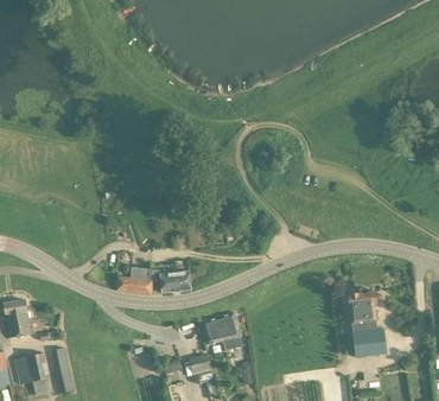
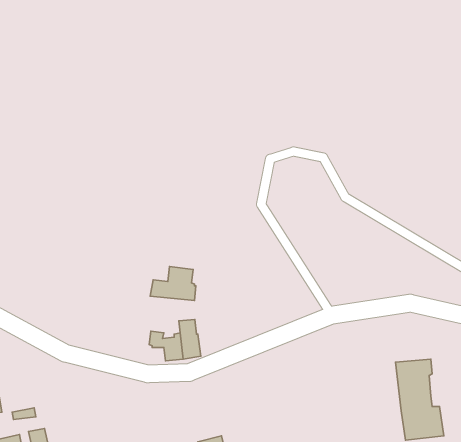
building: [115,266,152,293] -> [150,267,196,301]
building: [201,311,242,350] -> none

